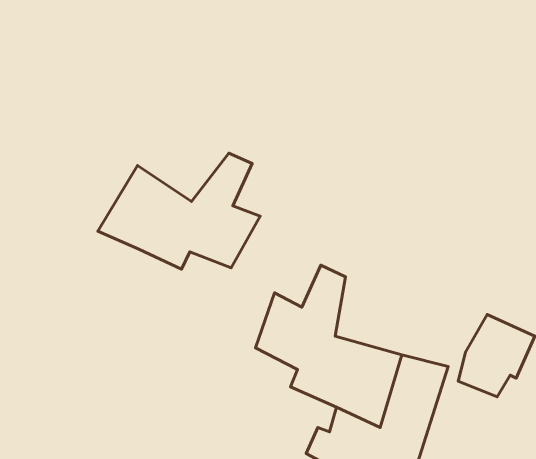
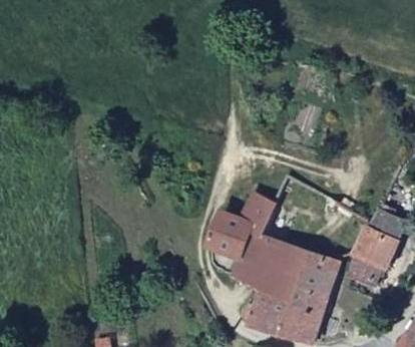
building: [98,153,260,269] -> none

